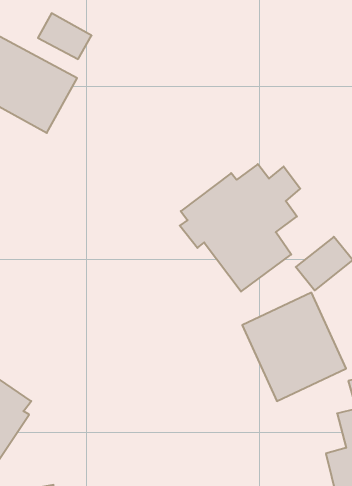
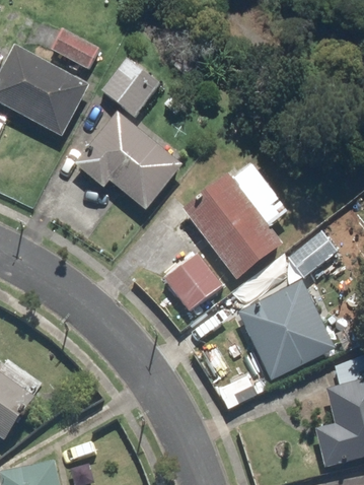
building: none -> [100,58,158,116]
building: none -> [67,113,181,209]
building: none -> [163,249,224,309]

